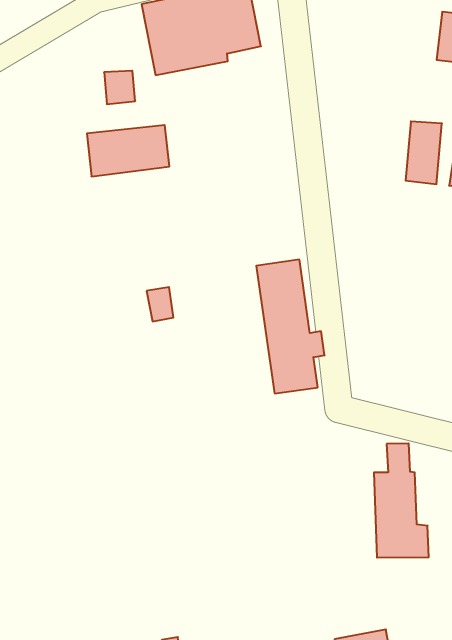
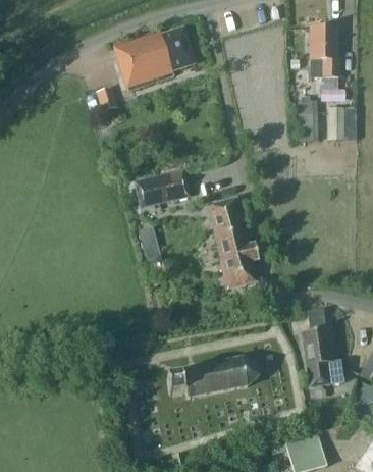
building: [87,125,169,176] -> [129,167,185,206]
building: none -> [166,358,258,398]

